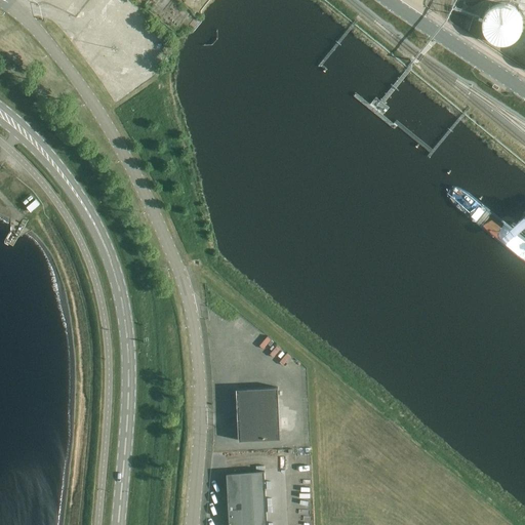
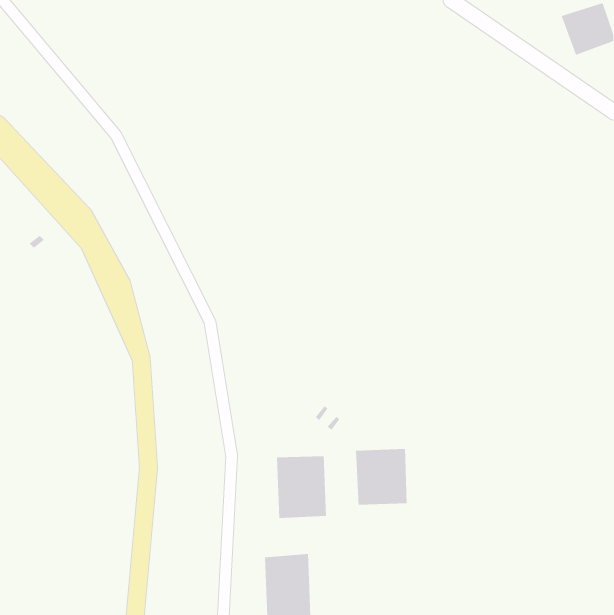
building: none -> [355,448,407,506]

